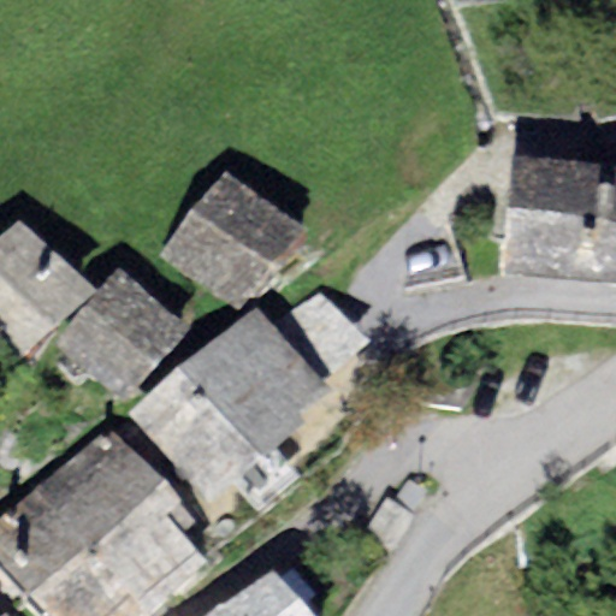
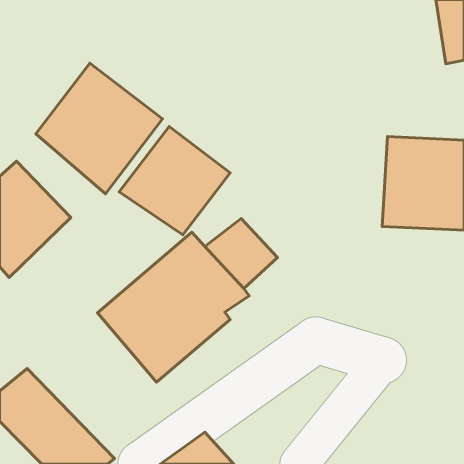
building: none -> [36,63,163,194]
building: [53,267,190,401] -> none
building: [36,439,207,606] -> none

